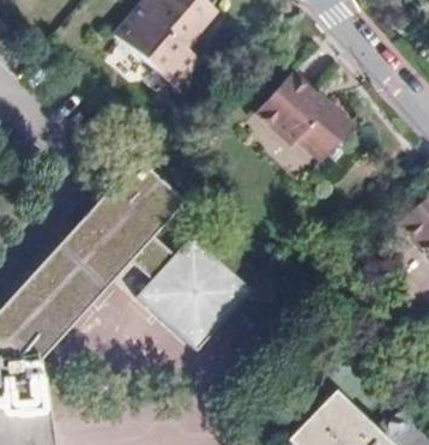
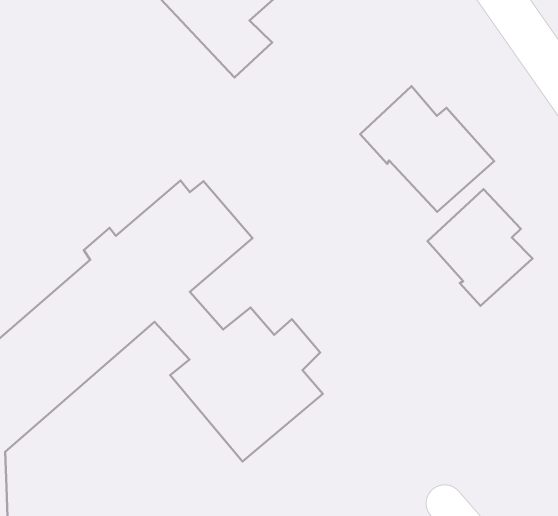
building: none -> [428,189,533,306]

